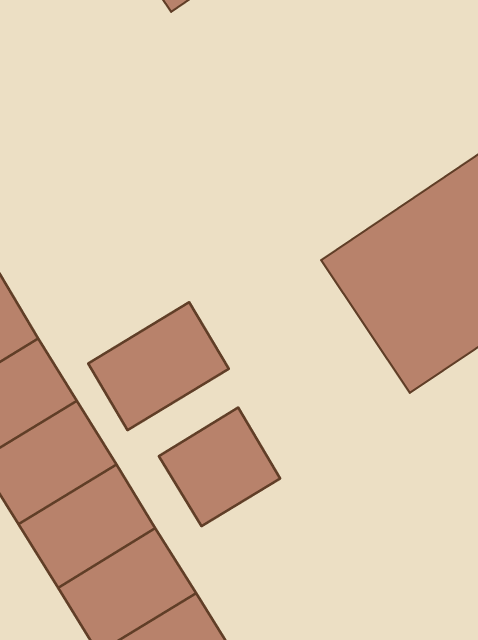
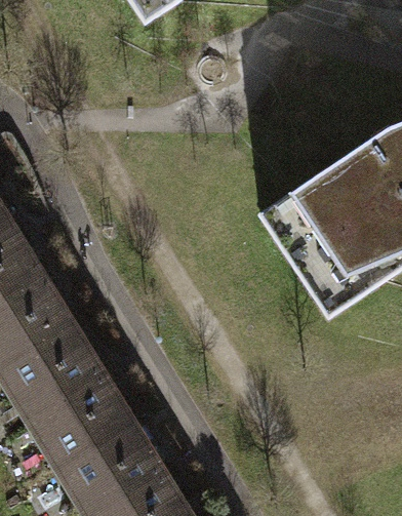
building: [88,302,229,430] -> none
building: [159,407,280,526] -> none

